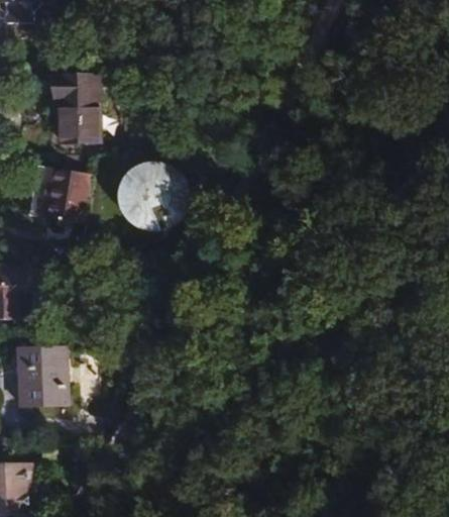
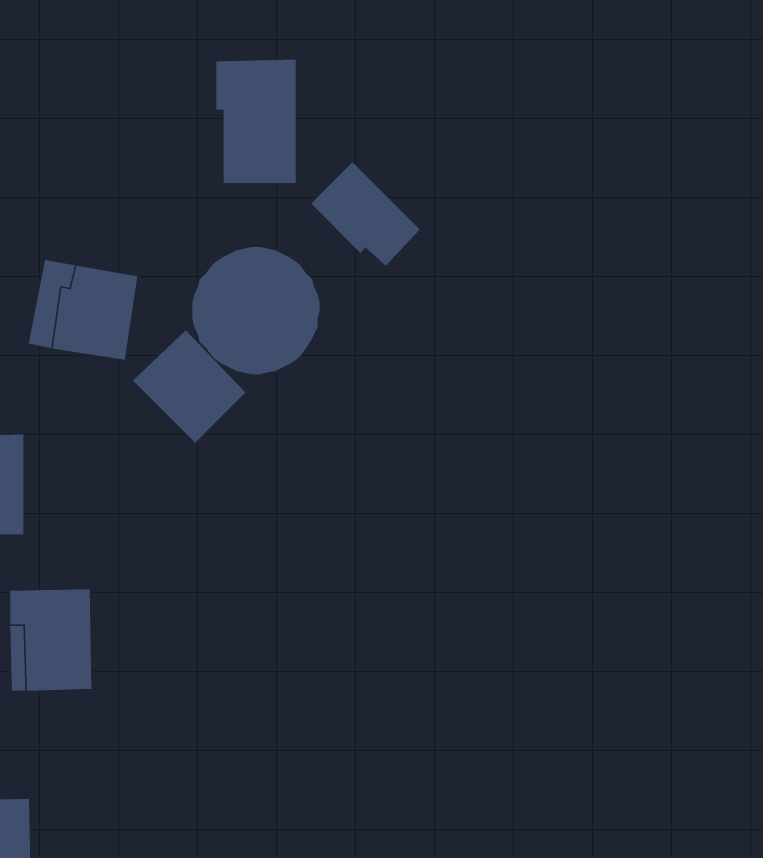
building: [53,73,98,141] -> [216,59,297,184]
building: none -> [310,161,421,267]
building: none -> [132,329,246,443]

